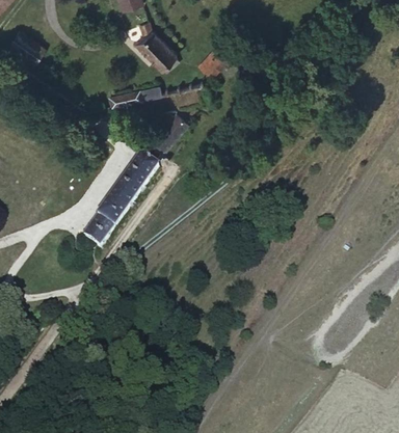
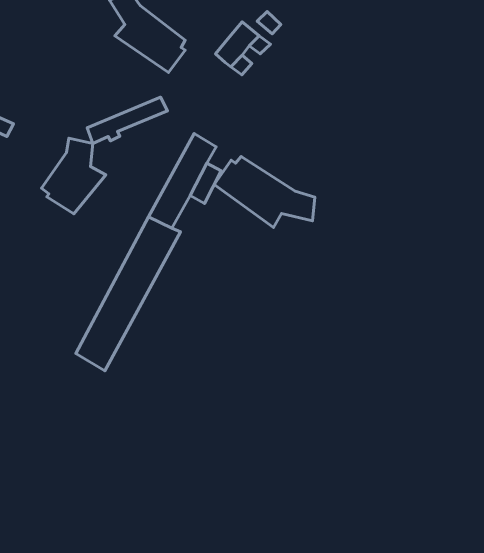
building: none -> [41,138,106,214]
building: none -> [214,157,315,227]

